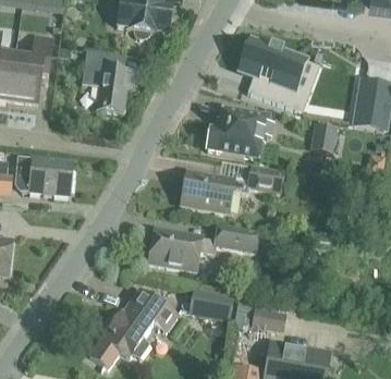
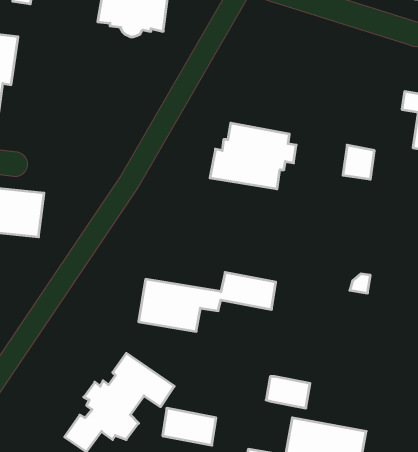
building: [241,39,305,110] -> none
building: [82,50,137,112] -> none
building: [182,168,283,212] -> none
building: [191,290,233,319] -> [163,408,216,445]

